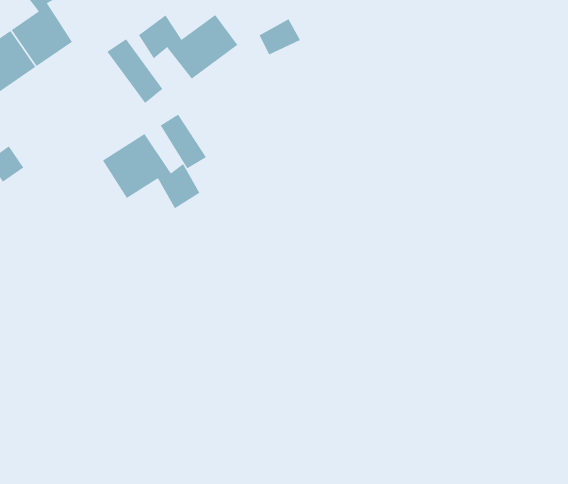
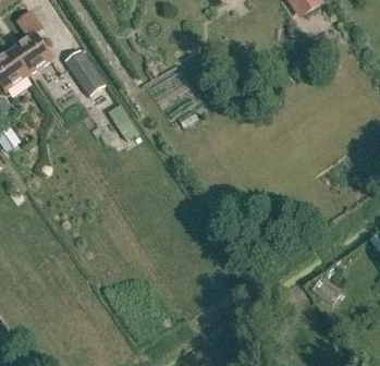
building: [138,14,238,79] -> none
building: [102,133,200,209] -> none

